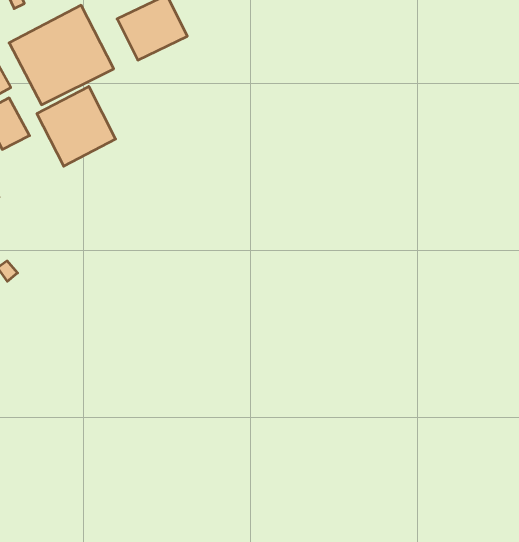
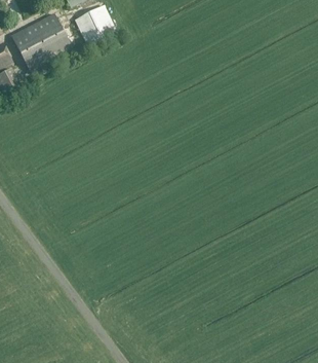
building: [37,86,116,166] -> none

